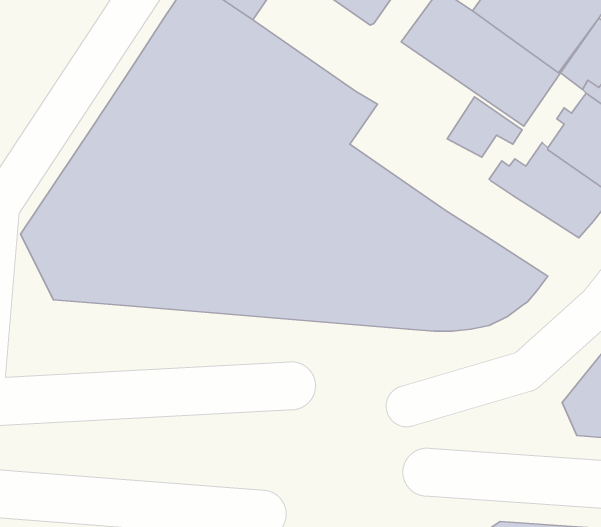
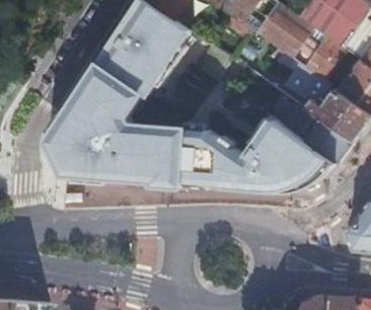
building: none -> [281,101,355,160]

